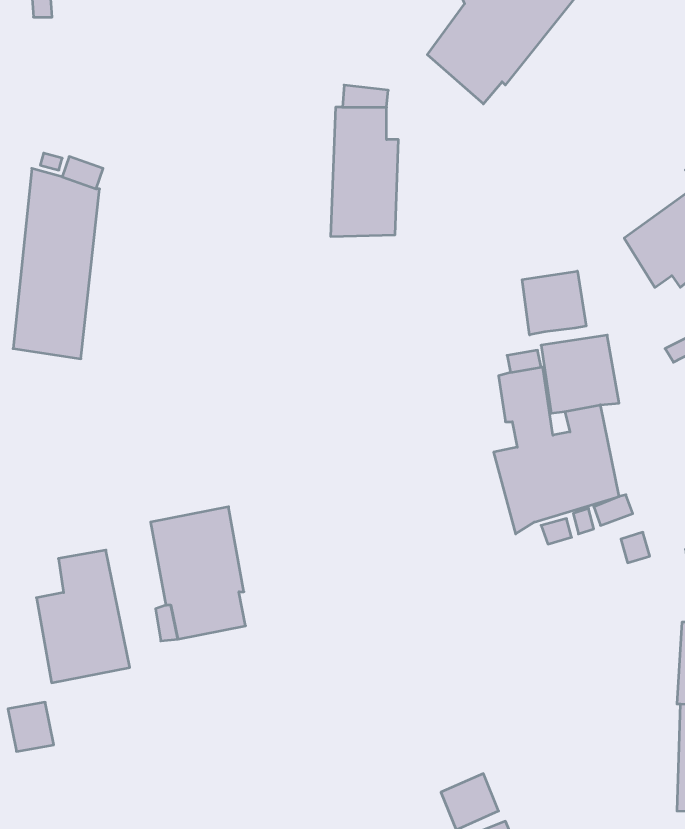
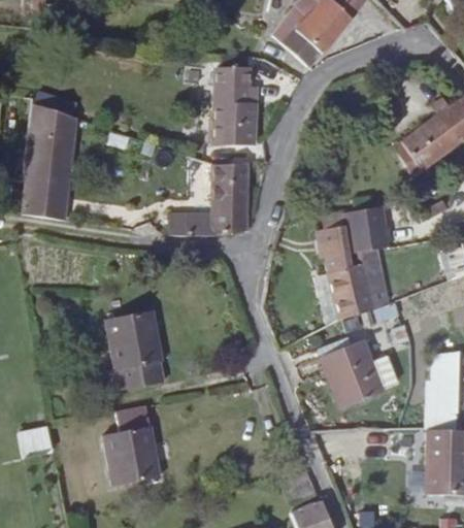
building: none -> [170,163,248,235]
building: [522,271,586,335] -> none
building: [36,550,130,683] -> [104,405,161,486]
building: none -> [319,337,399,408]

